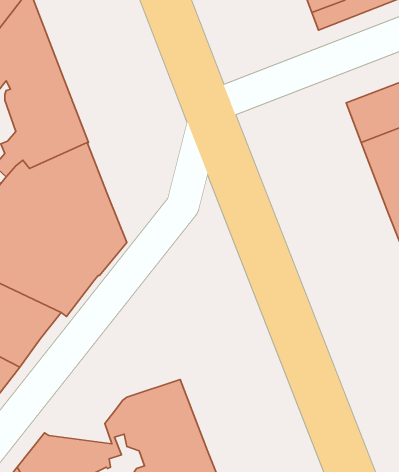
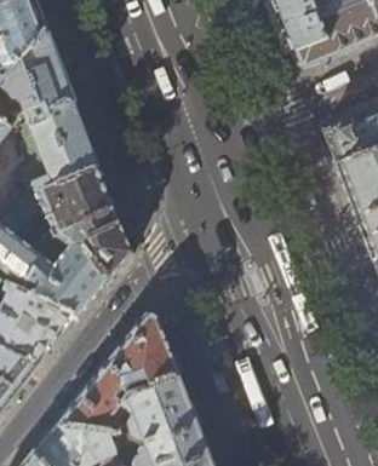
building: none -> [58,313,178,432]

